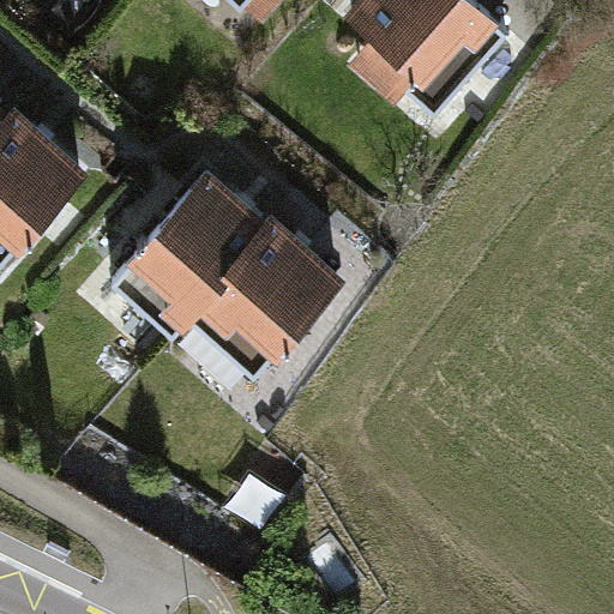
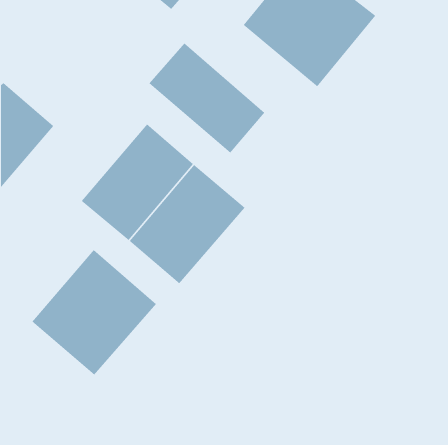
building: none -> [149,43,265,153]
building: none -> [32,249,157,376]

